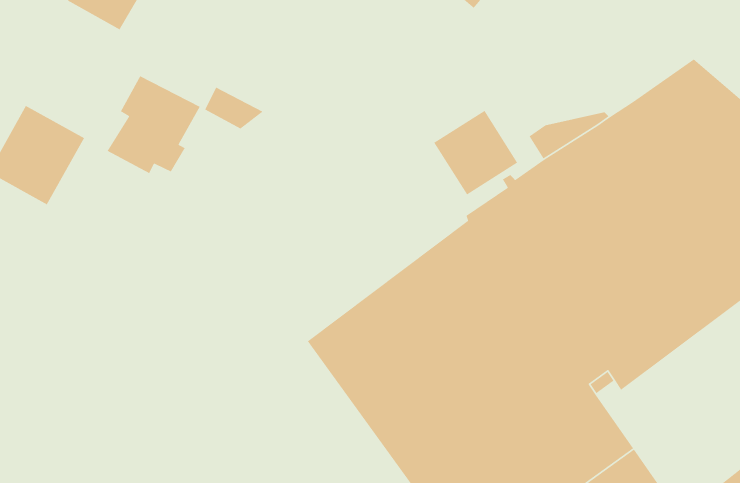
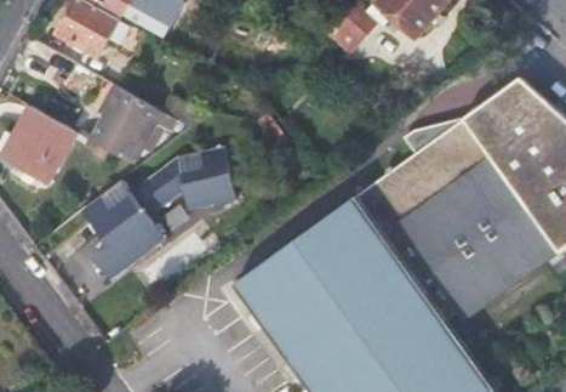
building: [433,110,518,196] -> none
building: none -> [81,148,234,283]

